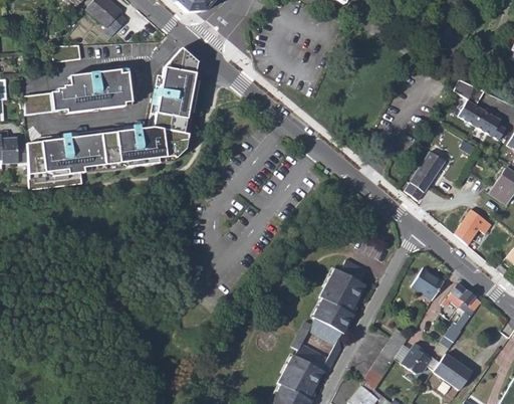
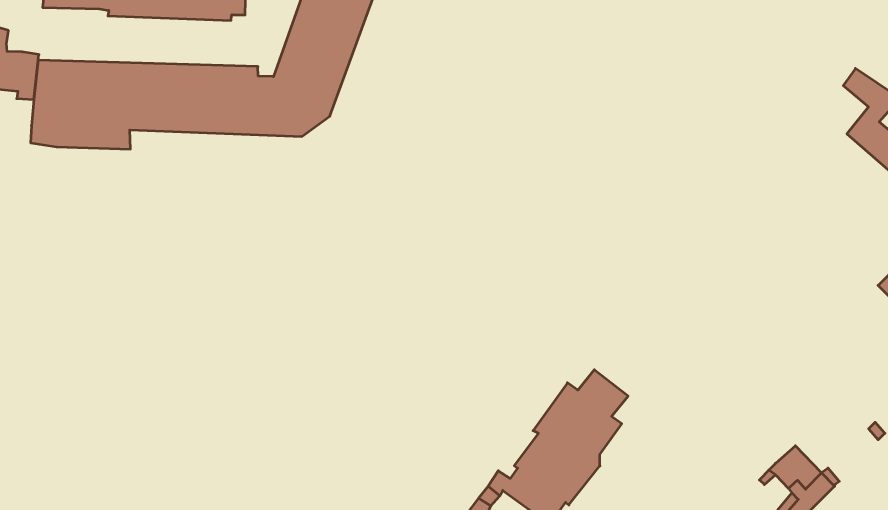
building: [405,147,446,196] -> none
building: [455,207,486,243] -> none
building: [412,266,445,299] -> none

